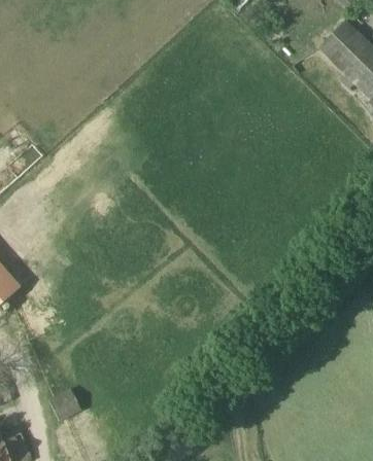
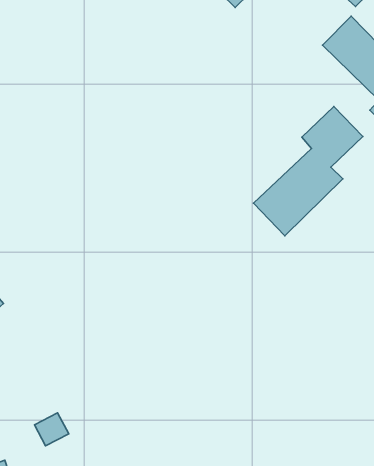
building: none -> [253,107,363,236]

